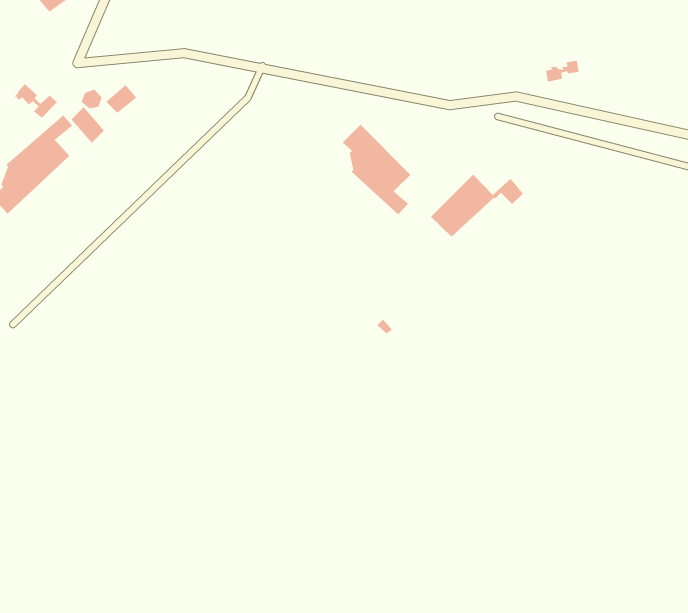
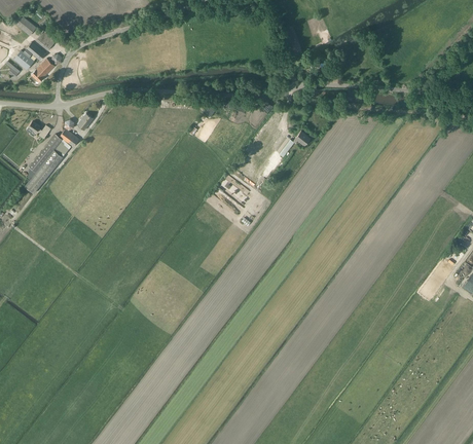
building: [342,124,411,215] -> none

